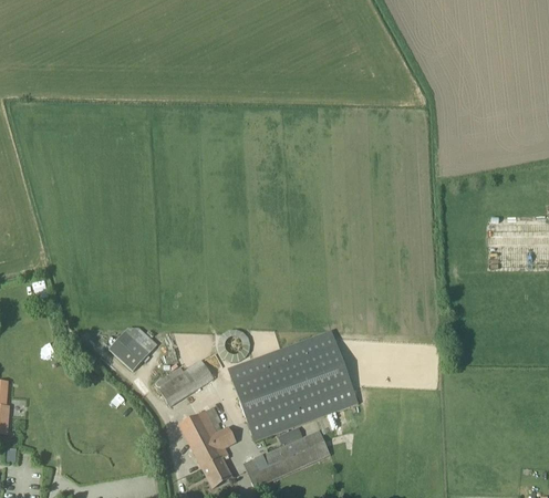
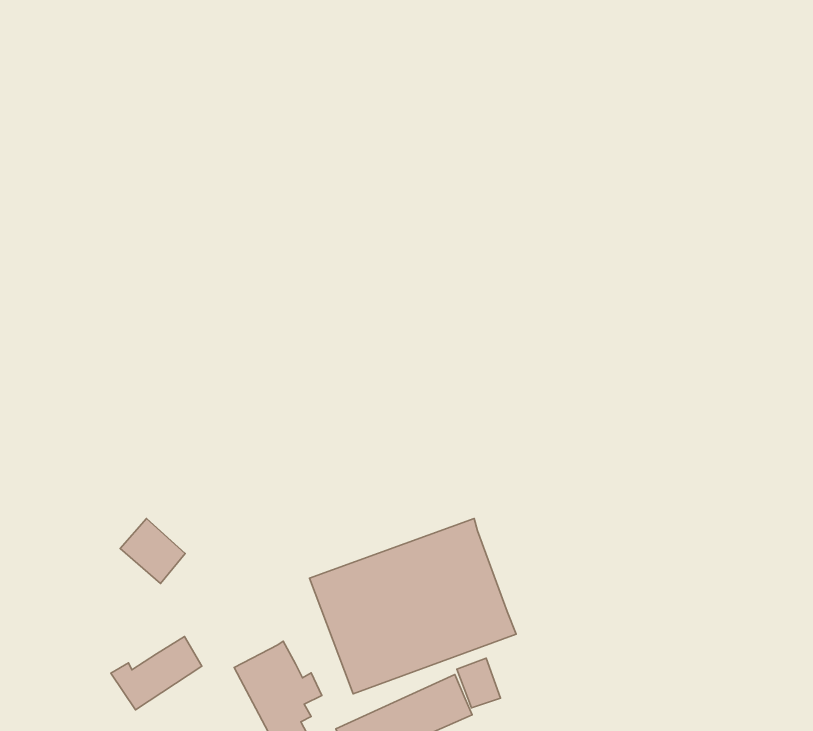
building: [155,359,213,405] -> [111,636,202,710]
building: none -> [457,658,501,708]

